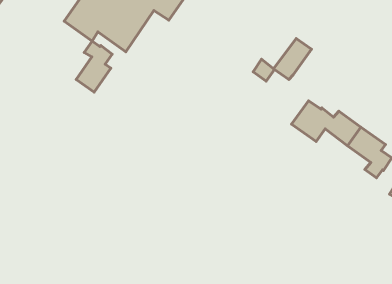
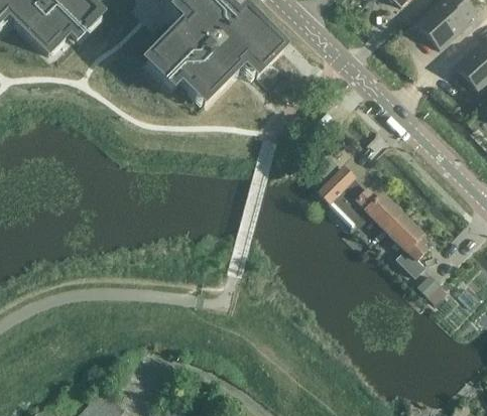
building: [274,38,311,80] -> [319,166,359,205]
building: [76,41,112,92] -> none

